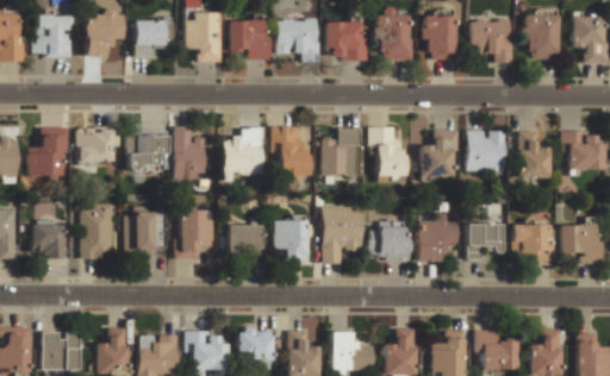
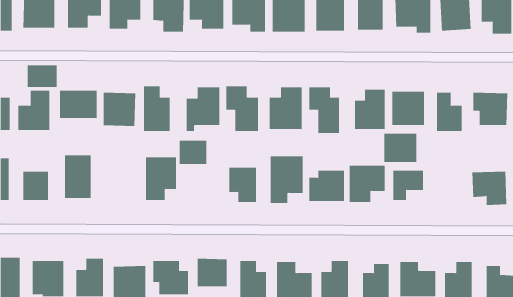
building: none -> [27,64,57,88]
building: [125,213,164,253] -> none
building: [228,225,261,253] -> [179,140,207,164]
building: [512,225,552,259] -> [384,133,417,162]

